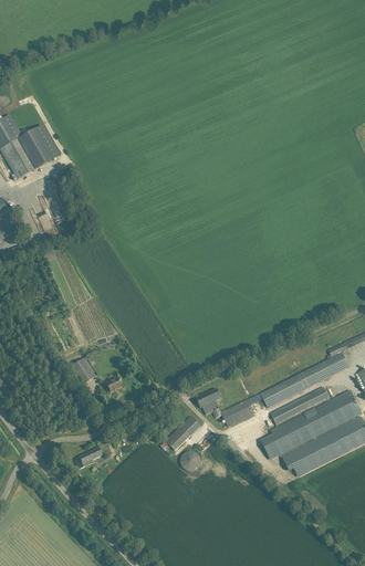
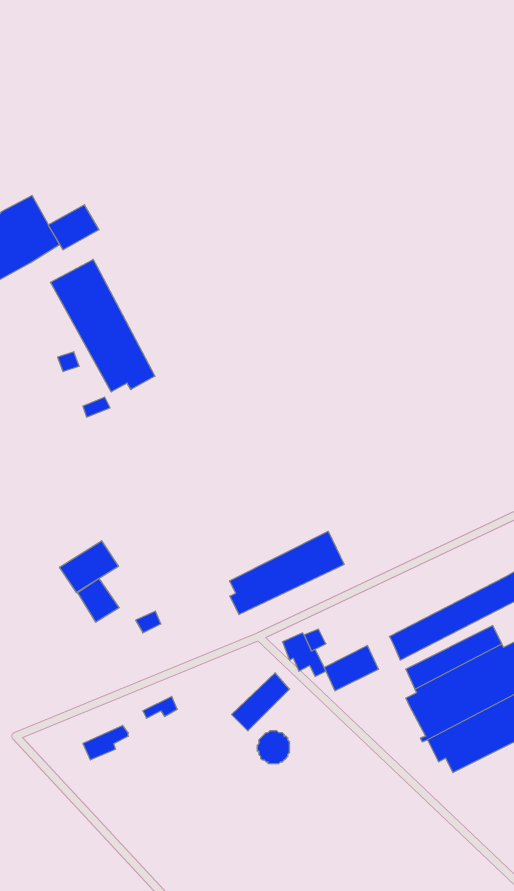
building: none -> [48,205,99,250]
building: none -> [50,259,155,392]
building: none -> [230,531,344,615]
building: none -> [60,541,119,593]

